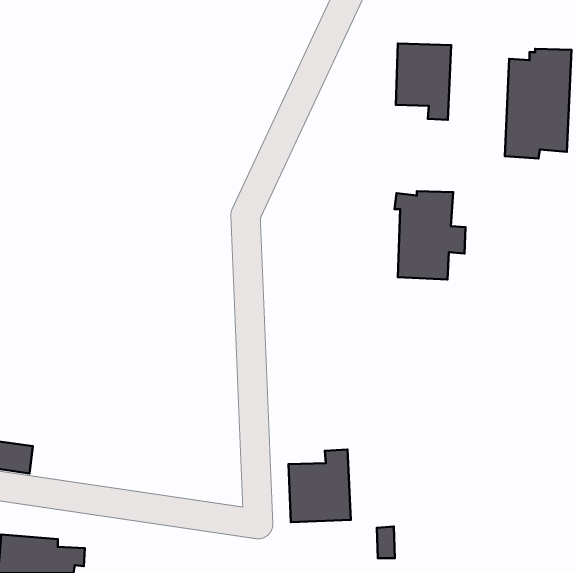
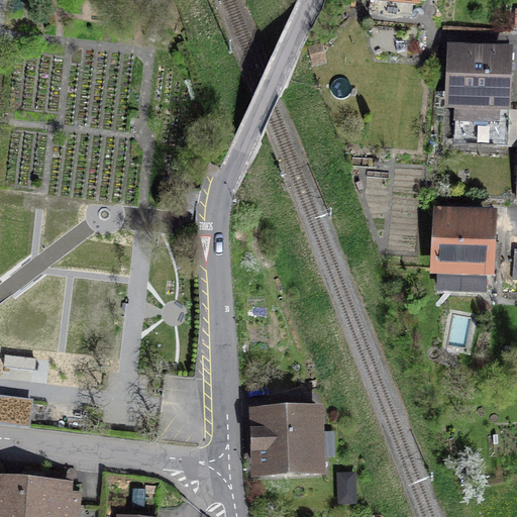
building: [396,44,451,120] -> none
building: [394,191,466,279] -> [434,208,498,287]

